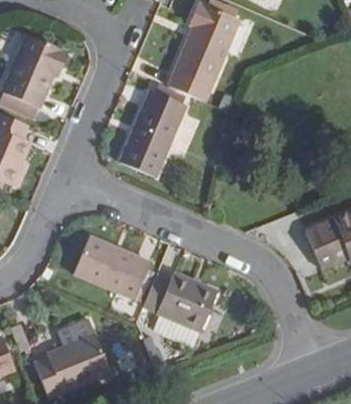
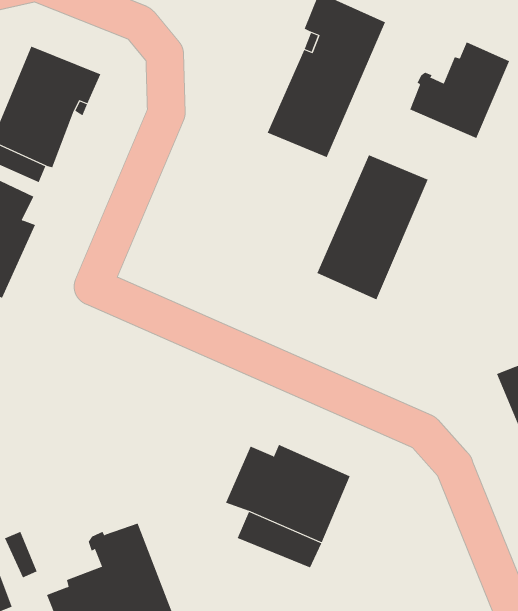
building: none -> [410,41,510,139]
building: [119,88,186,176] -> [316,154,429,300]
building: [74,236,150,299] -> none

